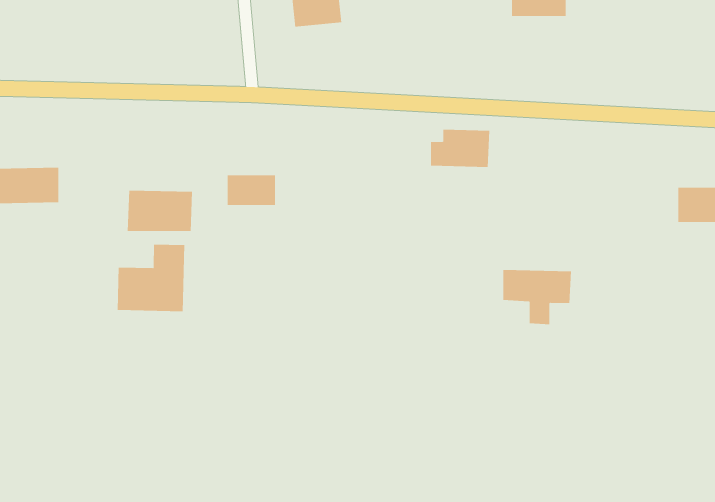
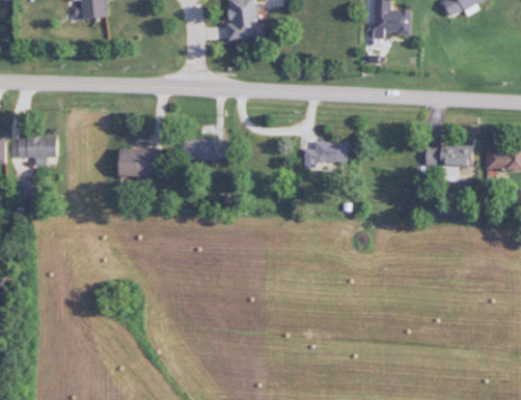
building: [430,129,490,168] -> [304,141,345,167]
building: [117,244,185,312] -> none
building: [503,270,572,325] -> [423,144,470,181]

